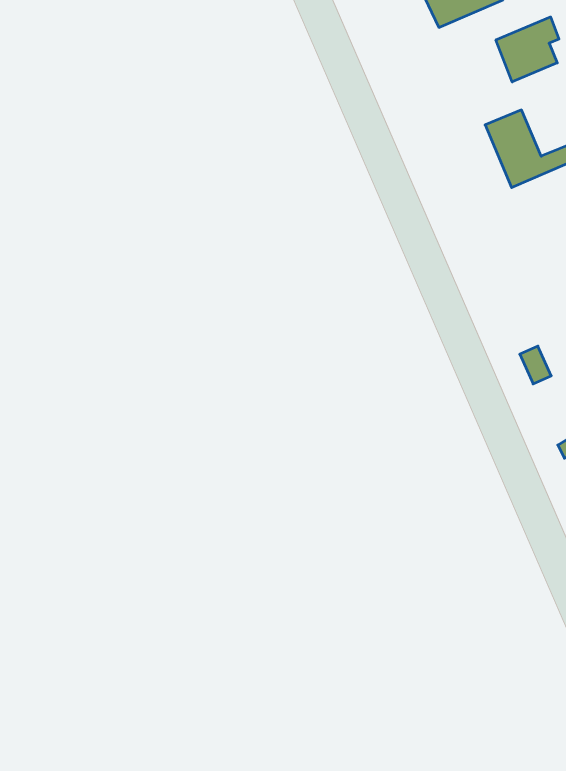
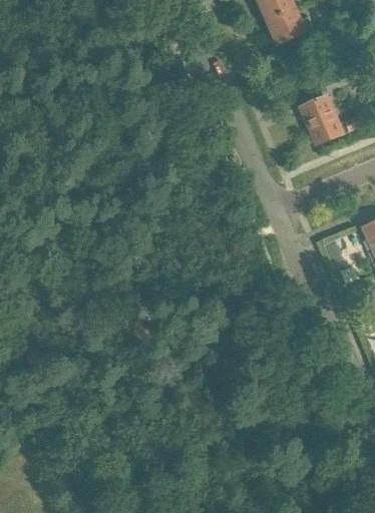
building: [496,17,559,82] -> none

